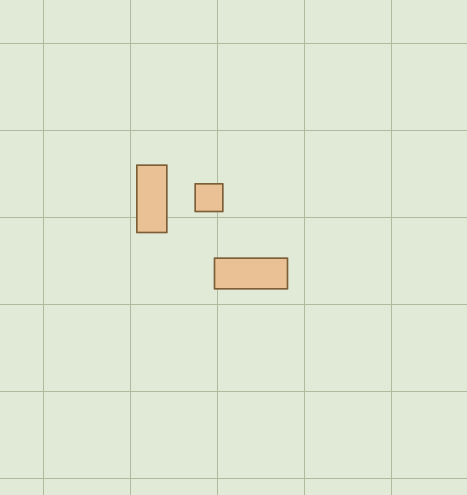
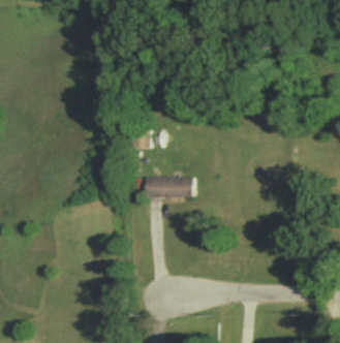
building: [137,165,167,232] -> none

